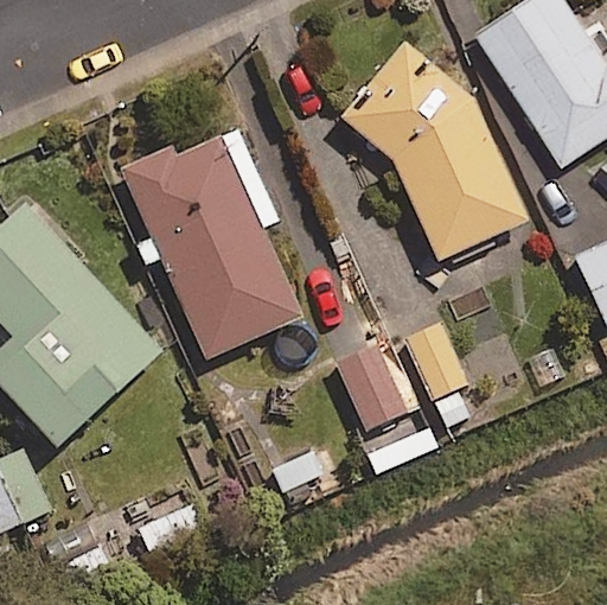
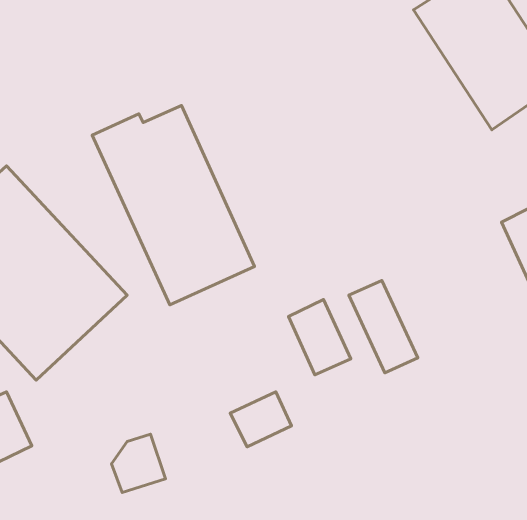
building: [338,39,528,260] -> none

